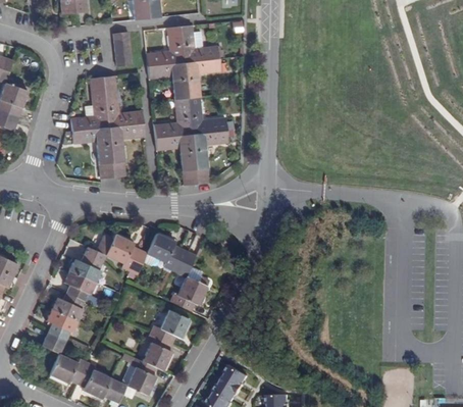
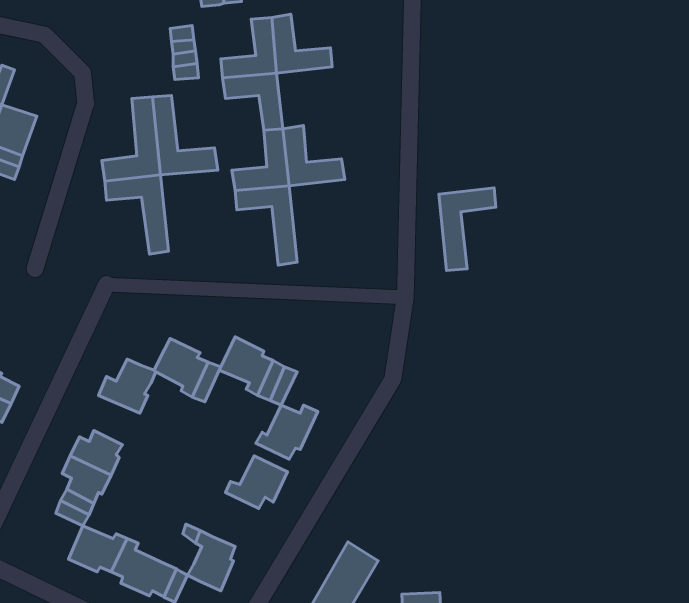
building: [183,58,220,98] -> none
building: [108,124,146,176] -> none
building: [191,131,227,184] -> [439,188,496,271]
building: [63,269,95,301] -> none
building: [142,332,171,369] -> none

